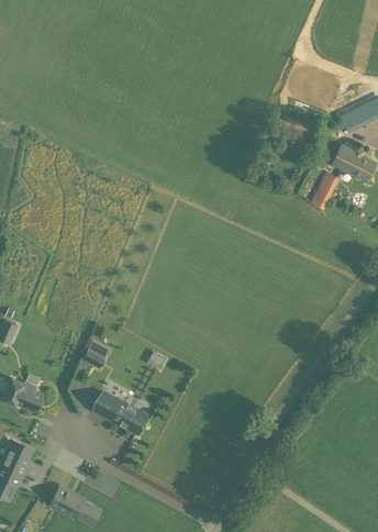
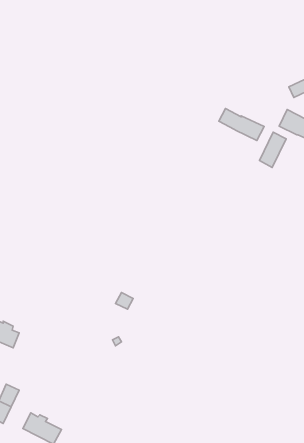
building: none -> [219,109,264,141]
building: [80,337,108,366] -> none
building: [91,387,147,432] -> none

